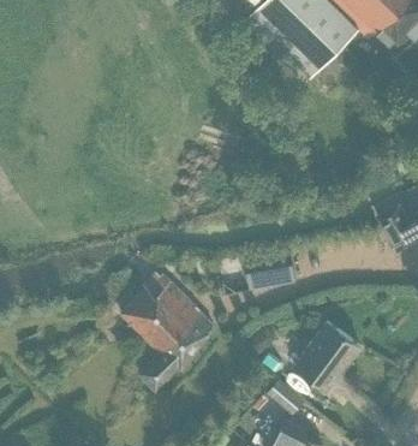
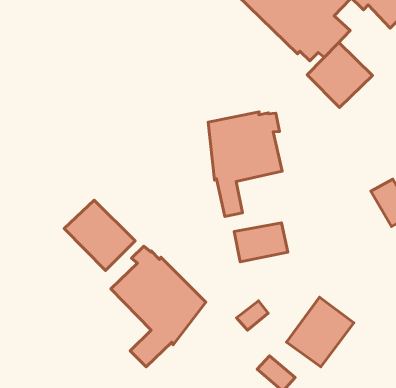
building: none -> [307,43,372,108]
building: none -> [208,112,282,216]
building: none -> [64,200,135,271]

